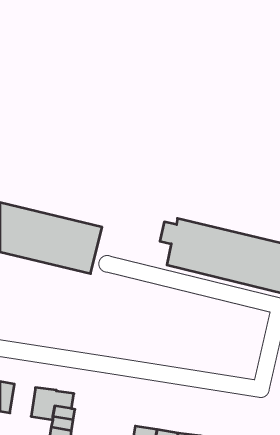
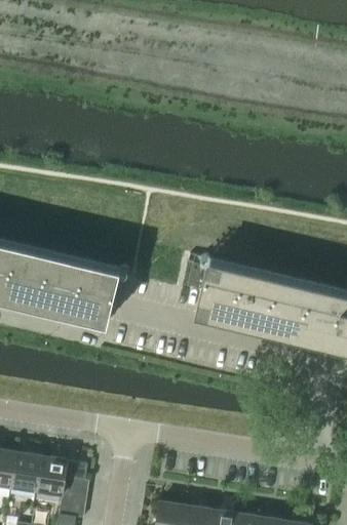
building: none -> [12,454,42,492]

